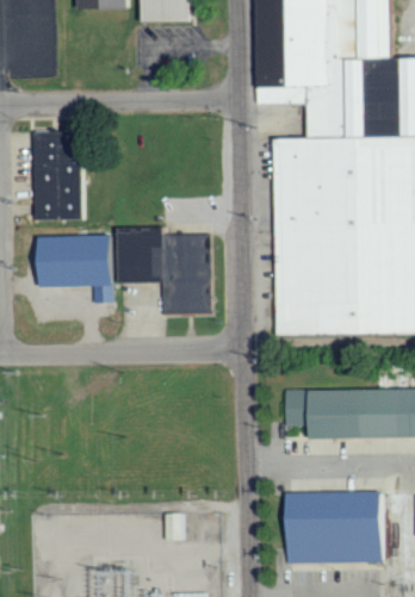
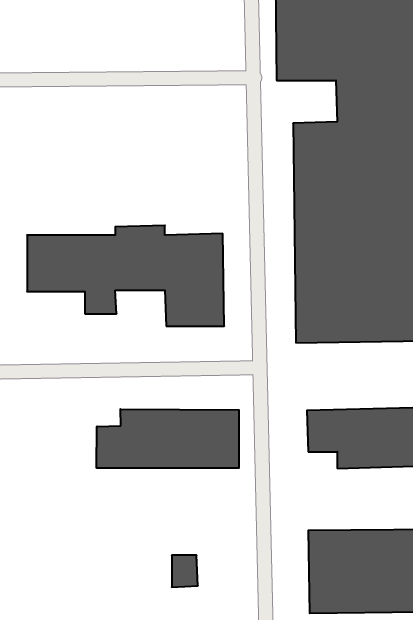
building: [32,133,82,222] -> none
building: none -> [97,409,239,468]

